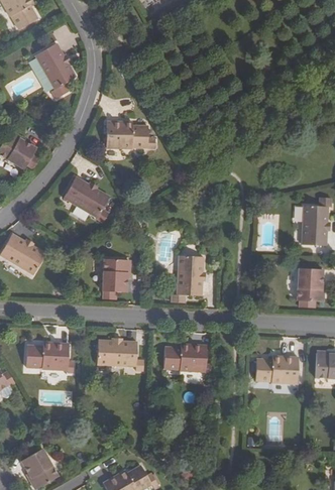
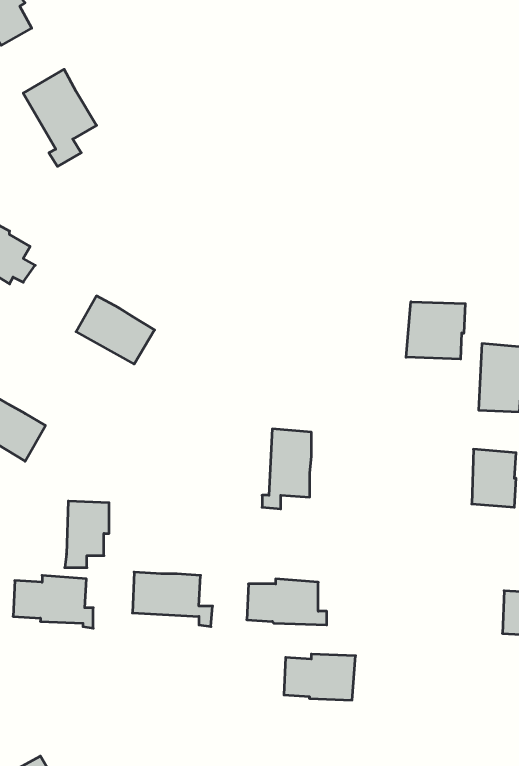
building: [105,121,154,148] -> none
building: none -> [406,302,465,359]
building: [103,259,129,298] -> [65,501,109,568]
building: [255,356,298,383] -> [284,654,356,700]

